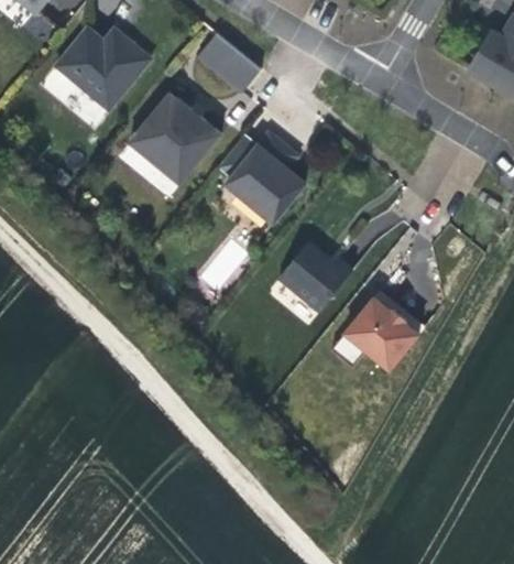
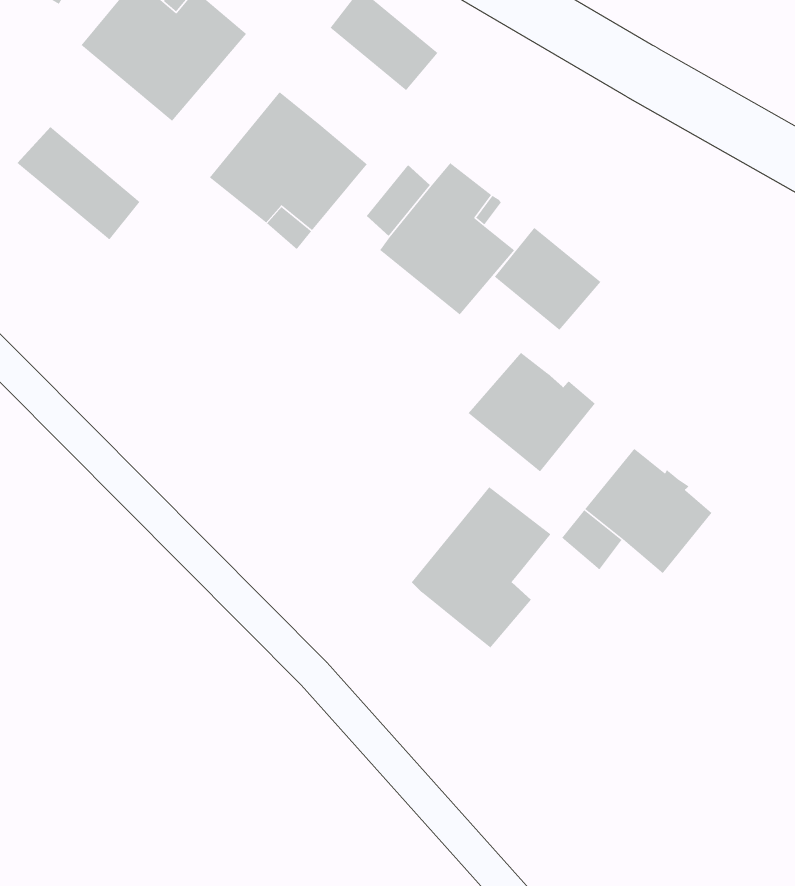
building: none -> [17,126,141,240]
building: none -> [494,227,602,331]
building: none -> [411,486,552,648]

